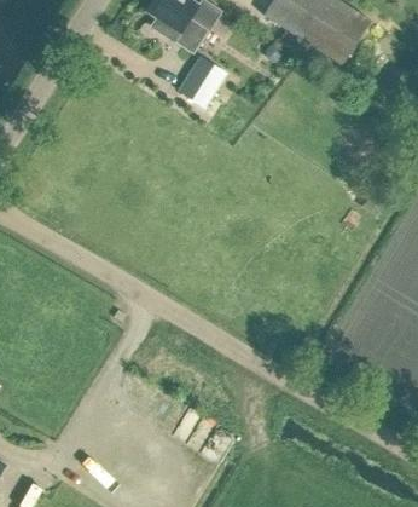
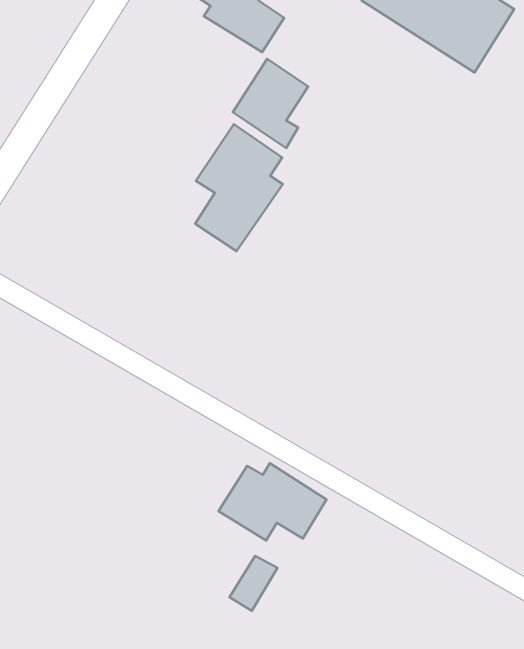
building: none -> [195,124,283,251]
building: none -> [218,463,326,541]

